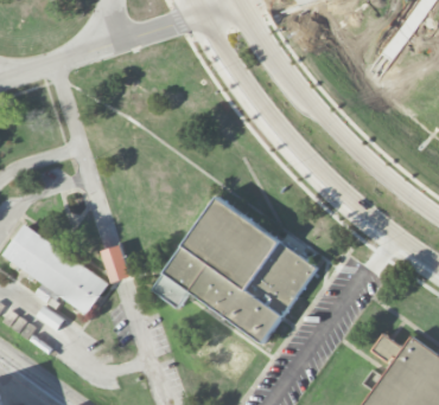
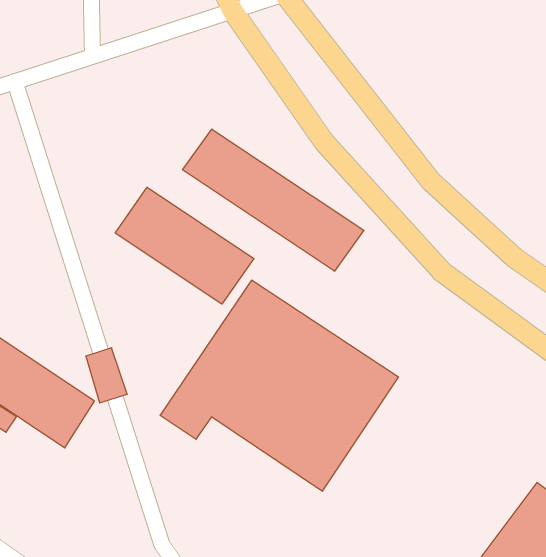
building: none -> [183,129,364,271]
building: none -> [115,187,254,304]

